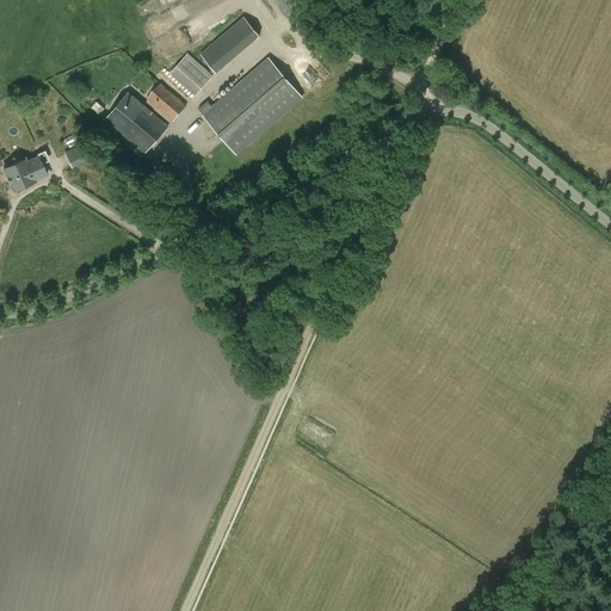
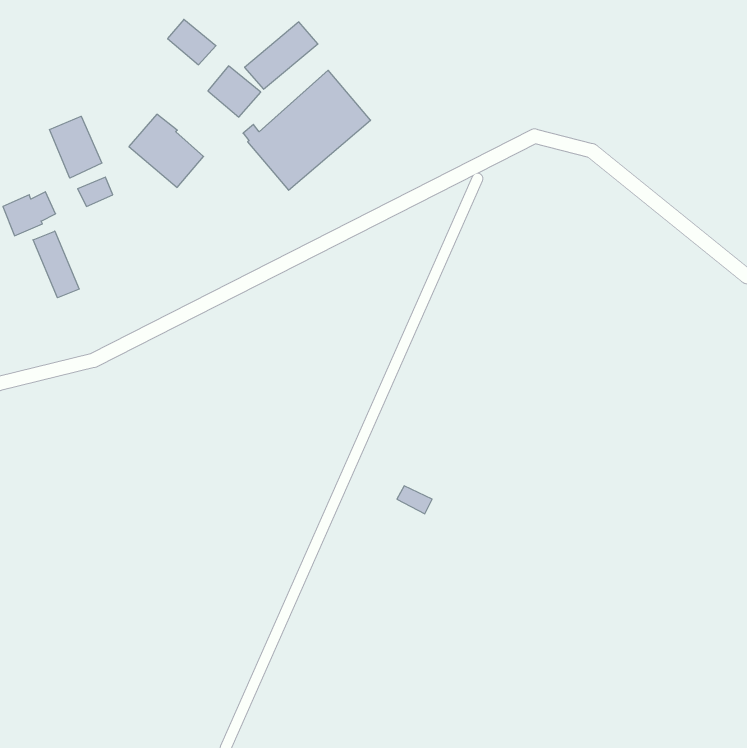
building: [147,84,186,121] -> [168,19,216,65]
building: none -> [50,116,102,178]
building: none -> [33,231,79,298]

